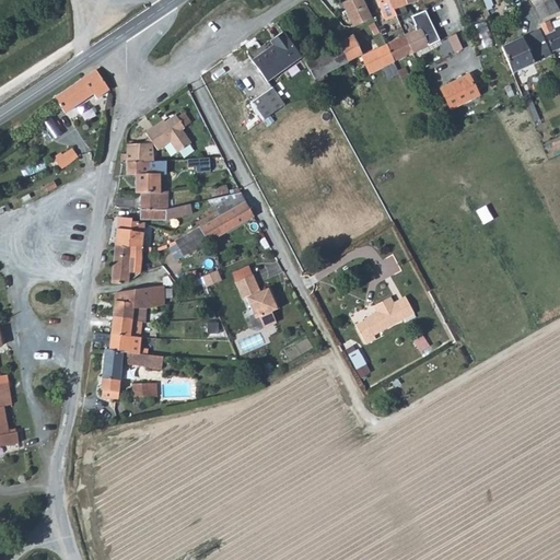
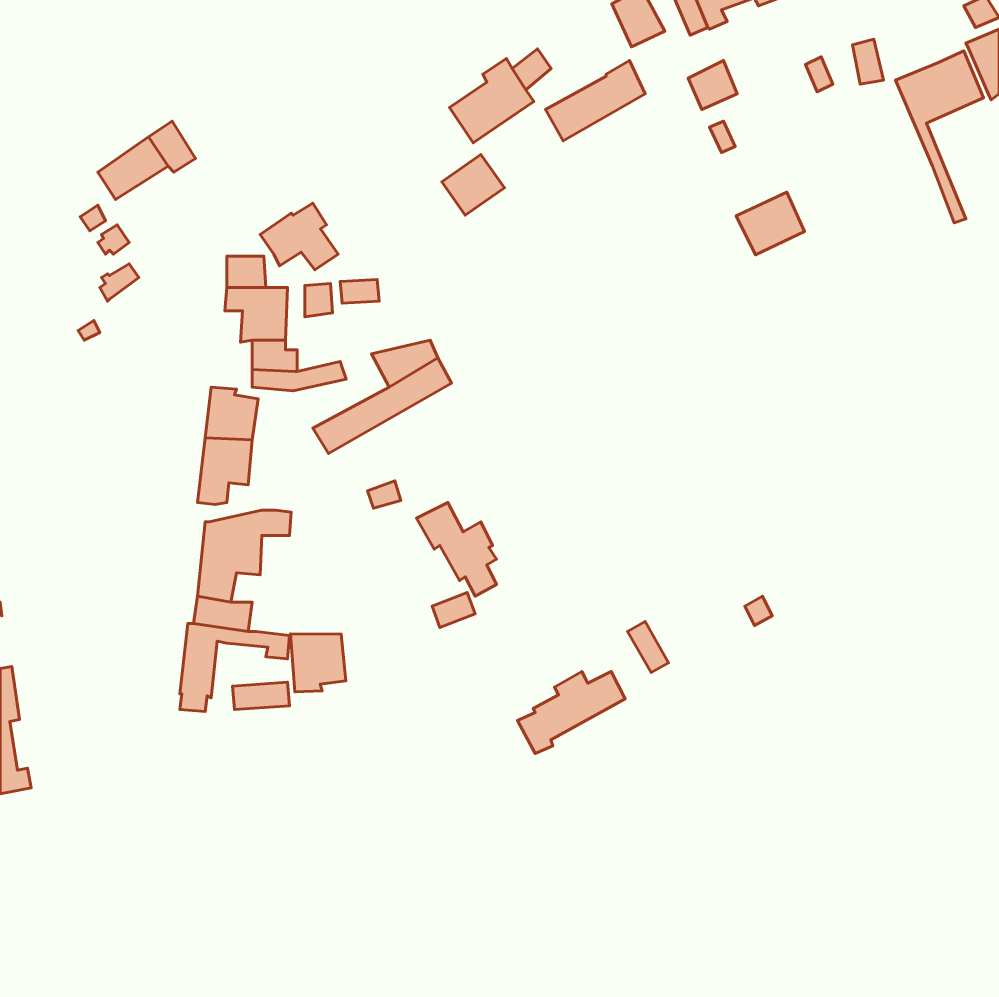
building: [405,10,440,52] -> none
building: [361,44,393,73] -> none
building: [440,72,478,107] -> [736,192,805,255]
building: [358,299,418,345] -> [517,672,625,754]
building: none -> [291,634,346,692]

